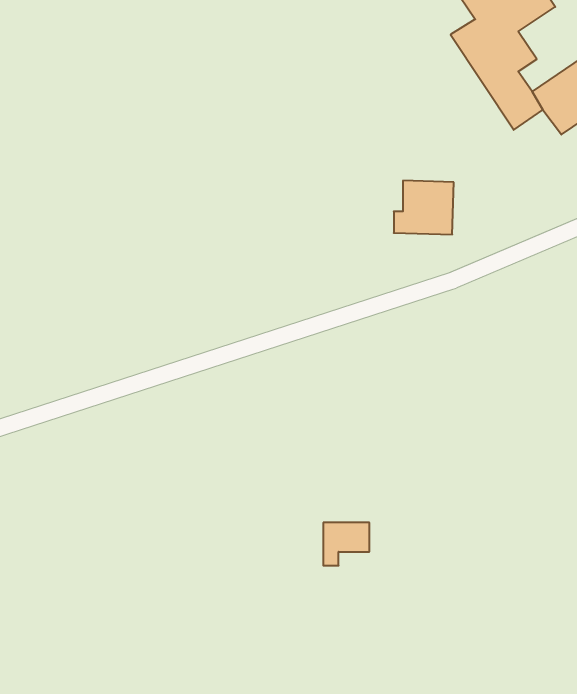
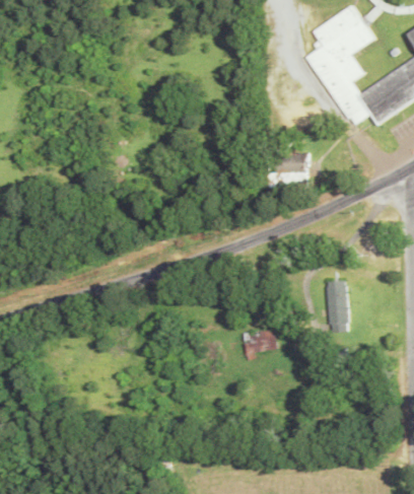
building: none -> [328,281,348,332]
building: [323,523,369,566] -> [246,332,276,360]

